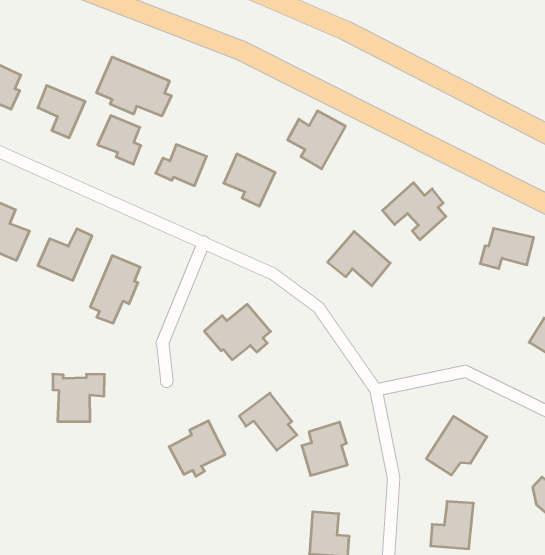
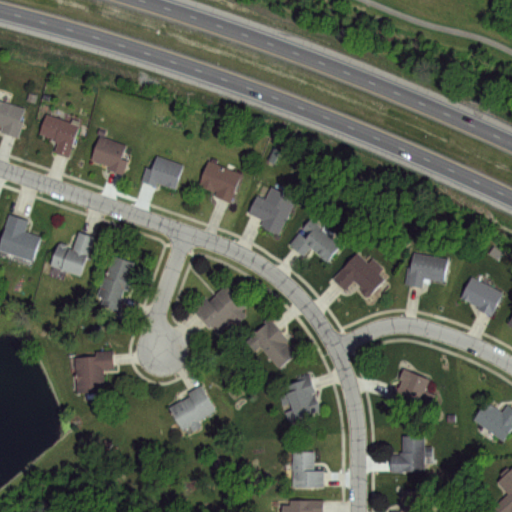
building: [97,57,171,116] -> none
building: [288,111,345,169] -> [248,188,295,236]
building: [382,183,446,240] -> [333,254,386,301]
building: [480,228,534,269] -> [405,254,448,287]
building: [239,393,297,450] -> [246,320,295,367]

